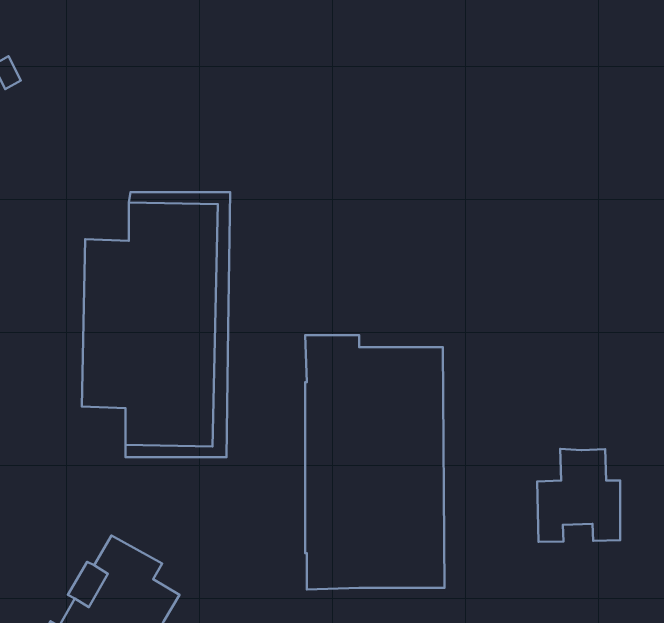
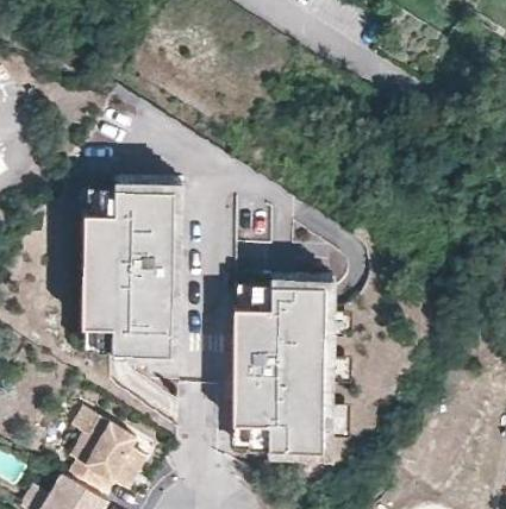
building: [537,449,620,542] -> none

